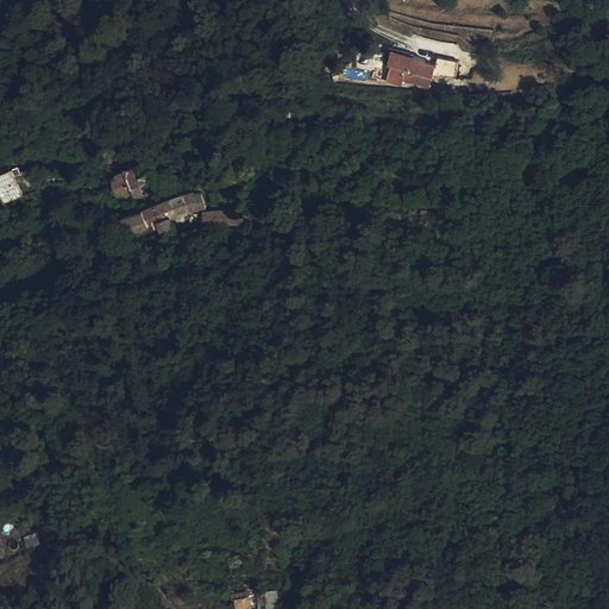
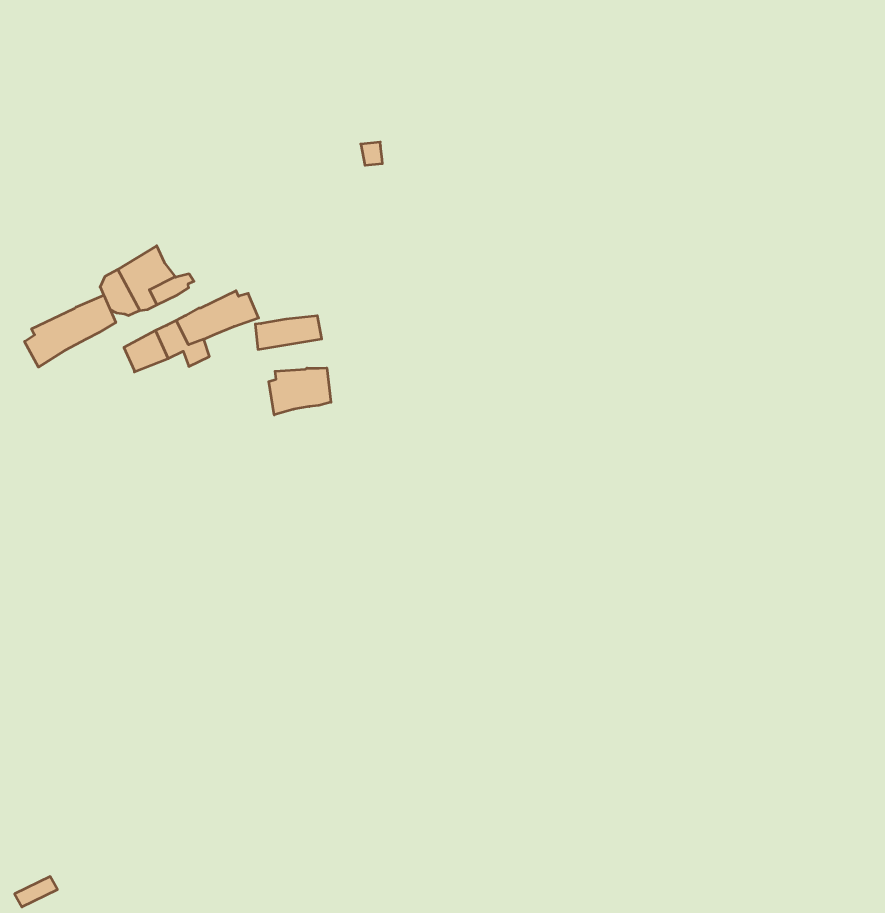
building: [383,51,456,89] -> none
building: none -> [25,295,116,367]
building: none -> [269,368,331,415]

